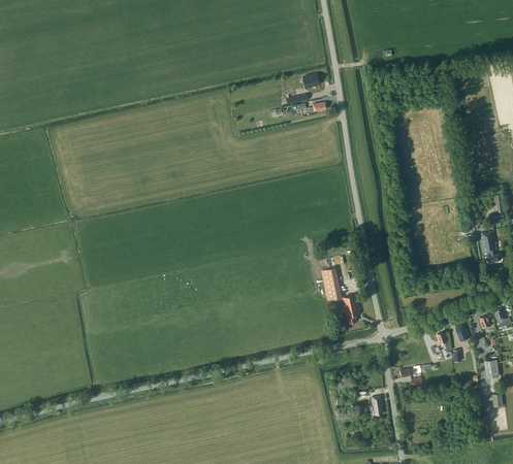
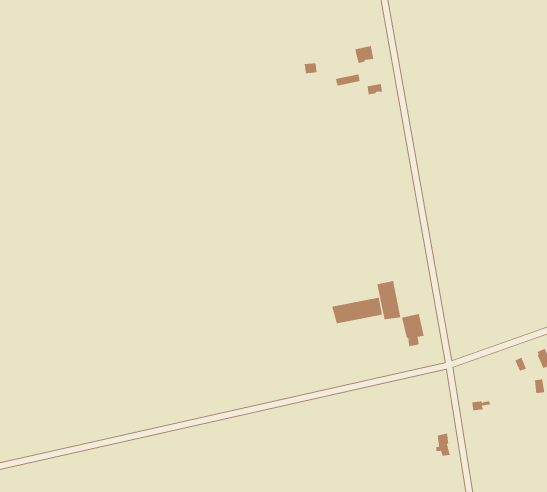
building: none -> [332,297,383,324]

